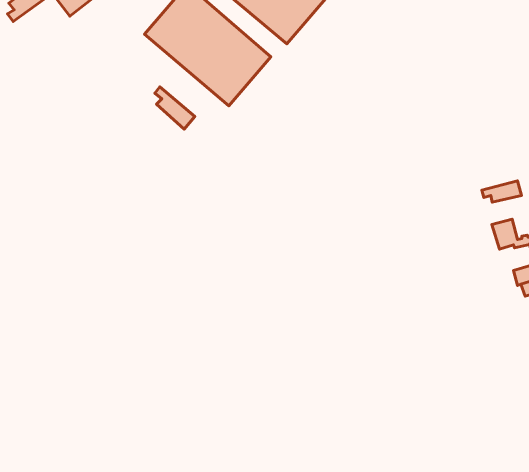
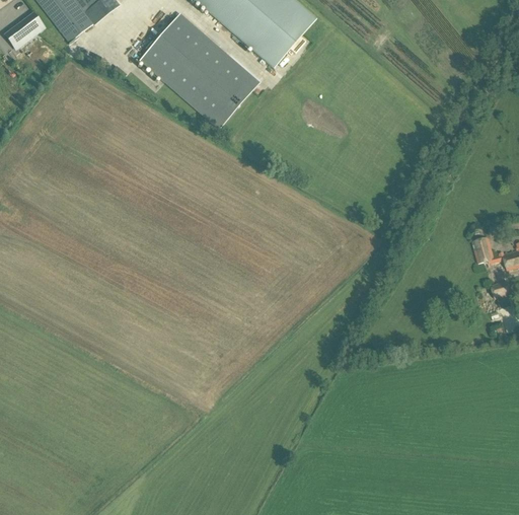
building: [155,87,195,129] -> none
building: [482,181,521,202] -> none

